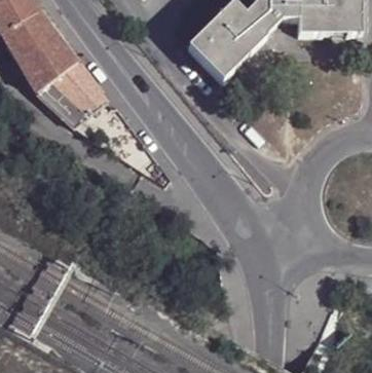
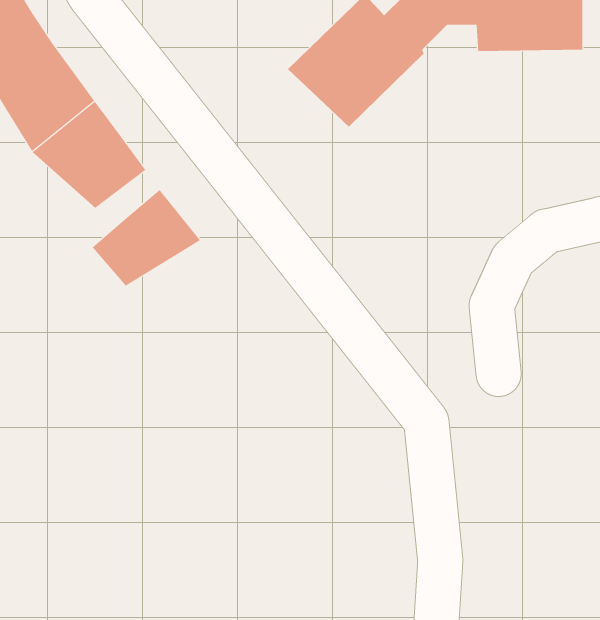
building: none -> [92,189,201,286]

